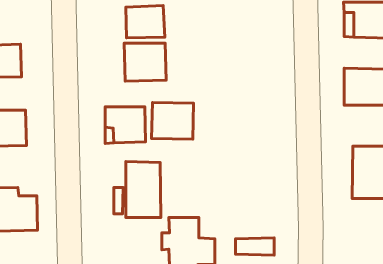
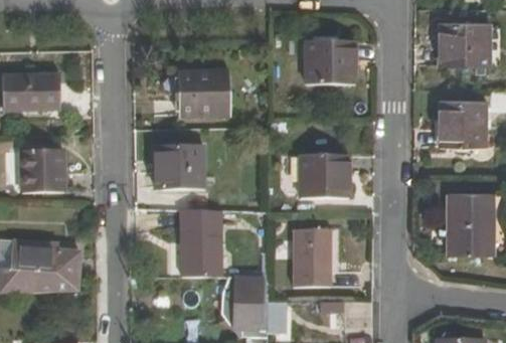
building: [126,6,165,38] -> none
building: none -> [305,40,357,83]
building: [152,102,194,139] -> [299,155,348,198]
building: none -> [294,229,331,286]

